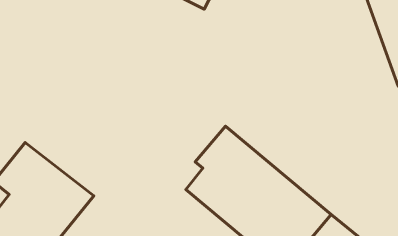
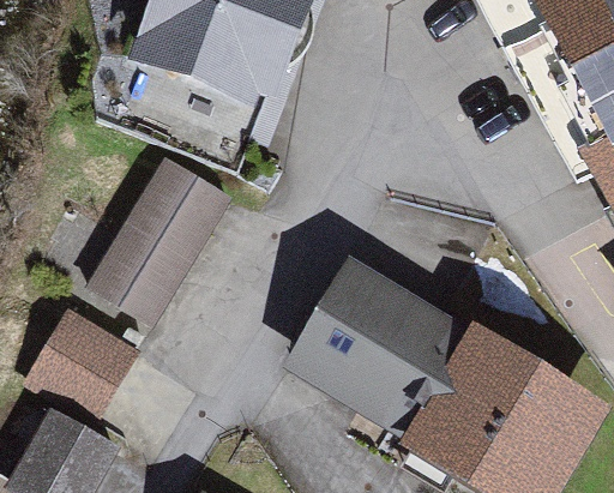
building: none -> [91,163,223,320]

